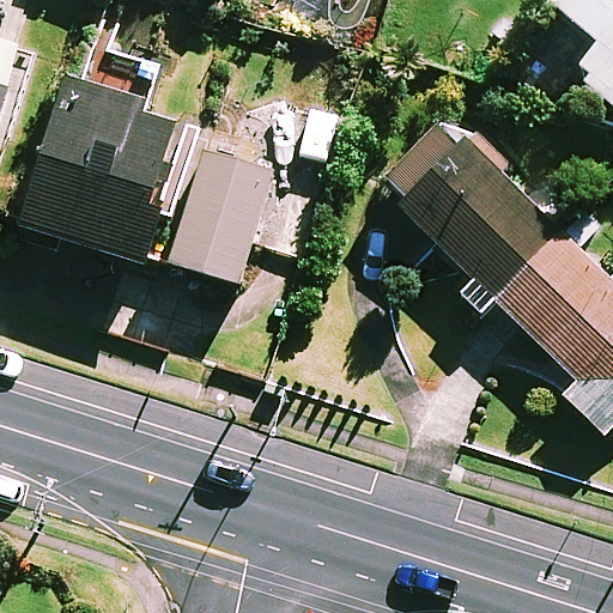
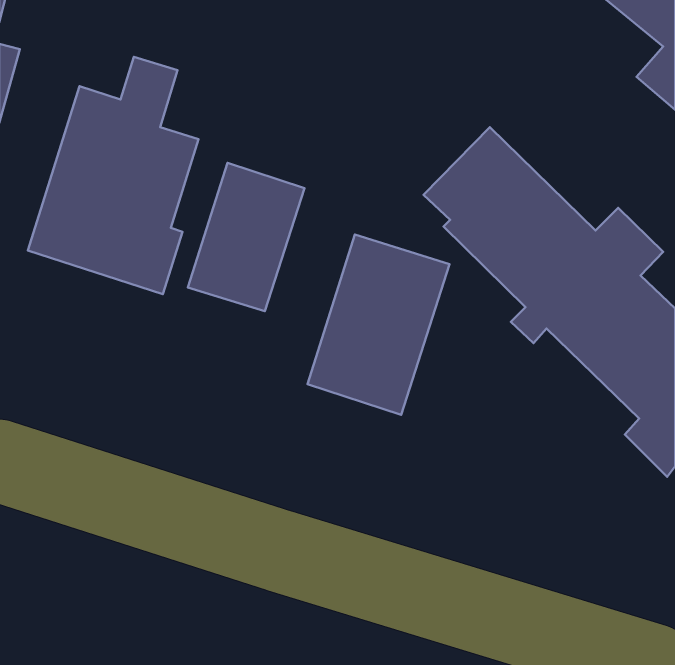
building: none -> [308,235,449,415]

